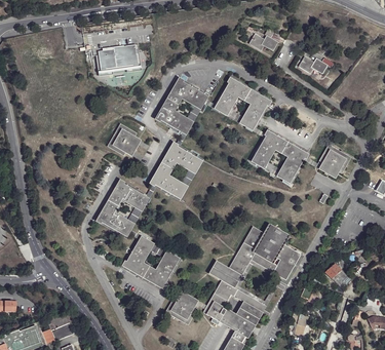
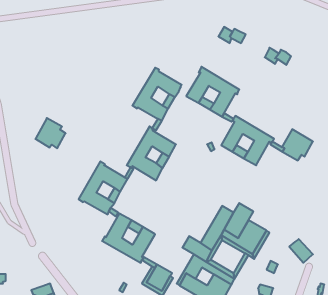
building: [97,43,141,68] -> none
building: [109,123,142,156] -> [35,118,66,148]

